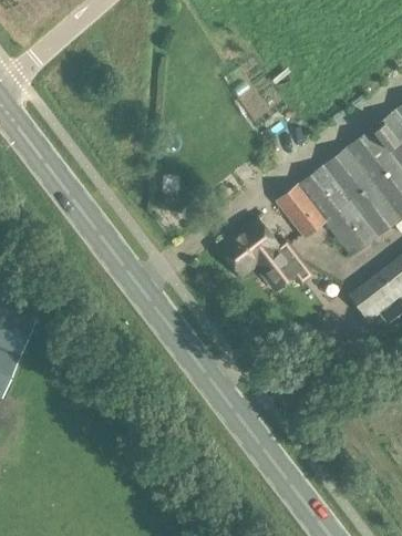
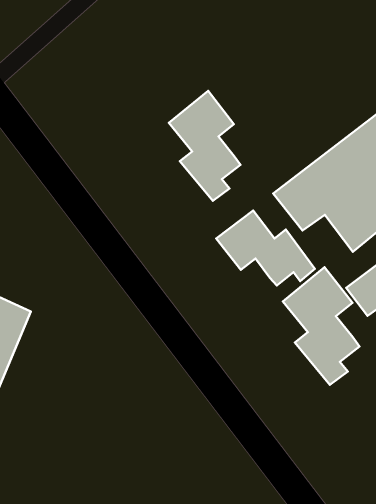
building: none -> [169,91,241,201]
building: none -> [283,267,360,385]

